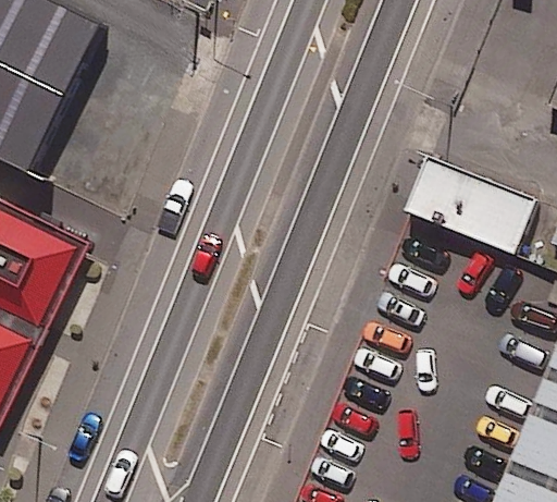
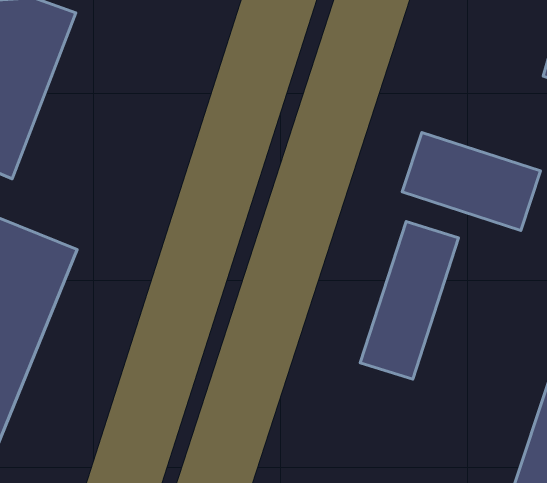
building: none -> [360,221,459,379]

